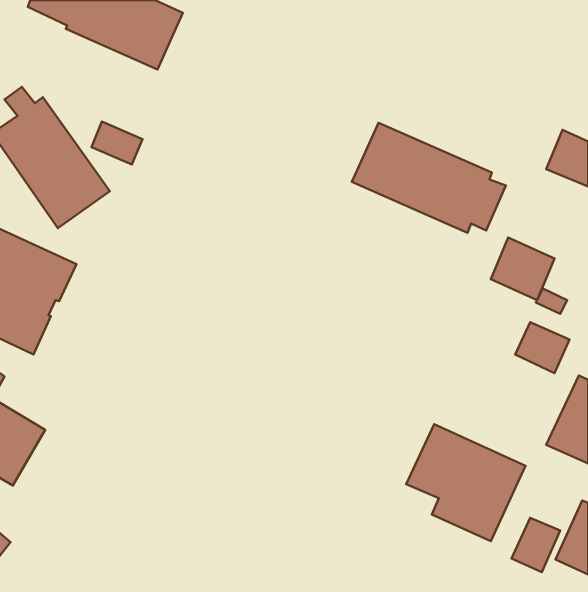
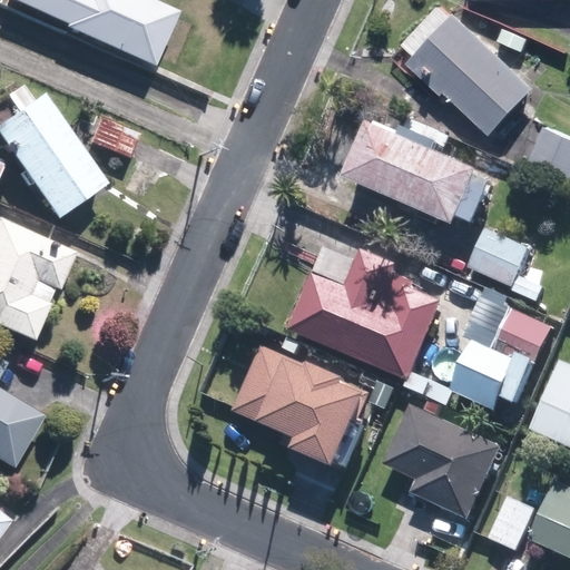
building: none -> [400,11,528,134]
building: none -> [294,252,451,384]
building: none -> [446,336,514,407]
building: none -> [237,345,379,469]

